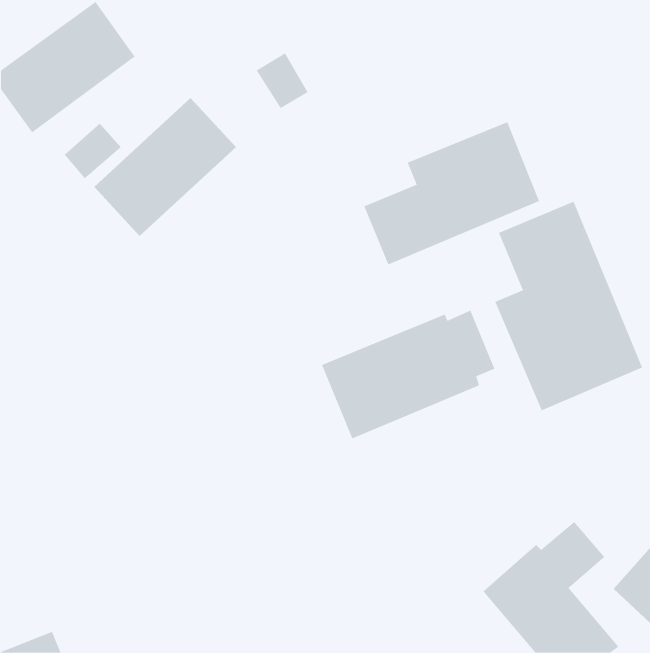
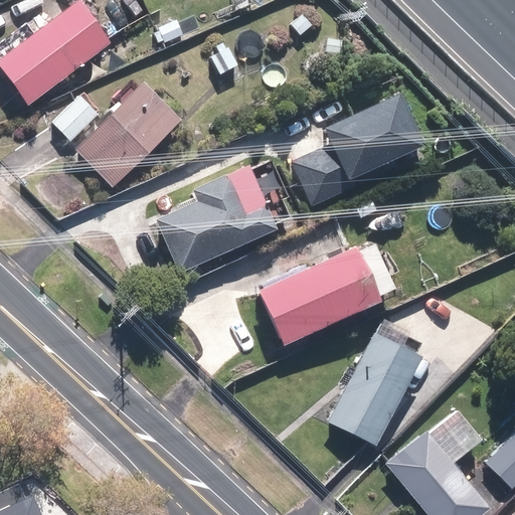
building: [494,201,643,411] -> none
building: none -> [152,164,291,272]
building: none -> [329,323,420,444]

